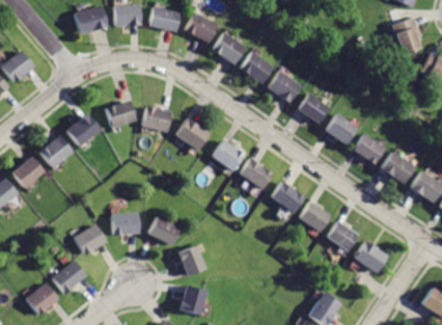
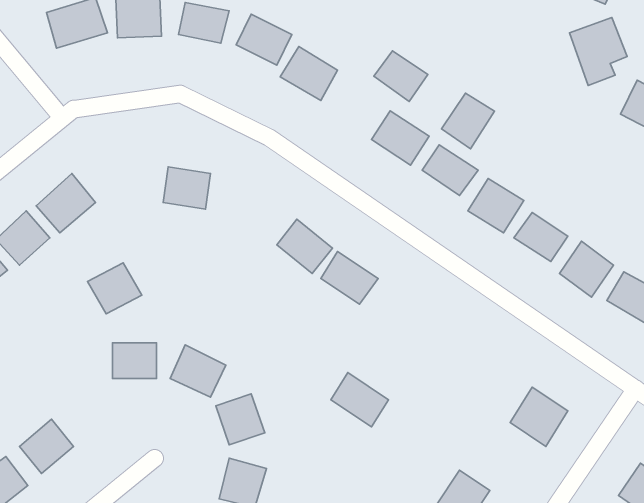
building: [242,53,275,84] -> [374,51,428,102]
building: none -> [442,93,495,149]
building: [103,97,136,127] -> none
building: [175,116,210,150] -> none
building: [269,181,304,214] -> [331,373,388,427]
building: [300,202,332,233] -> none
building: [329,221,361,251] -> none
building: [72,222,105,253] -> [88,263,142,314]

